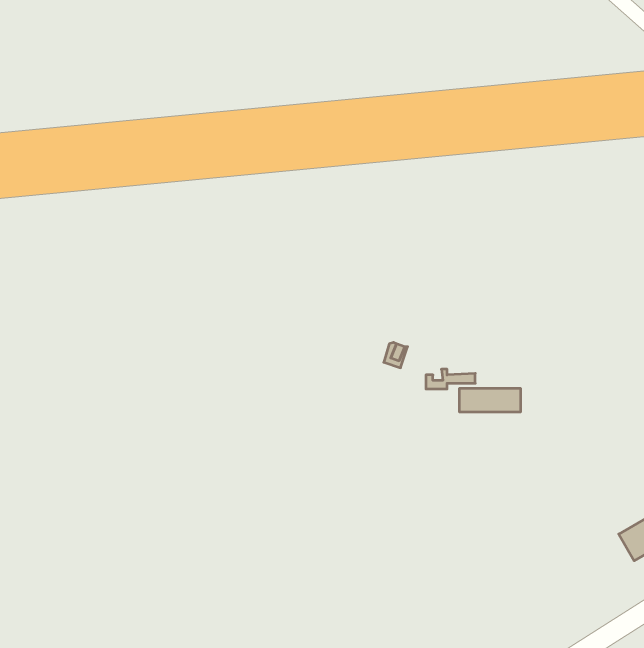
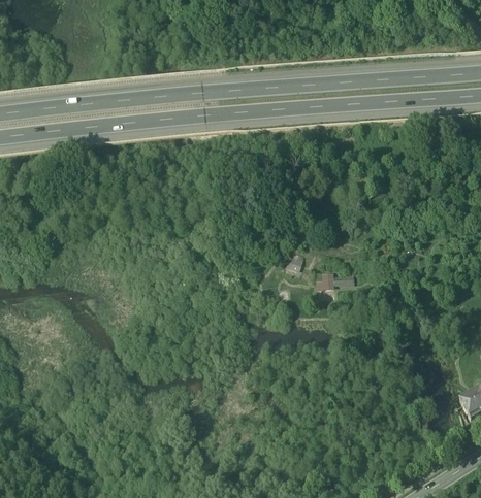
building: [460,388,520,412] -> none

